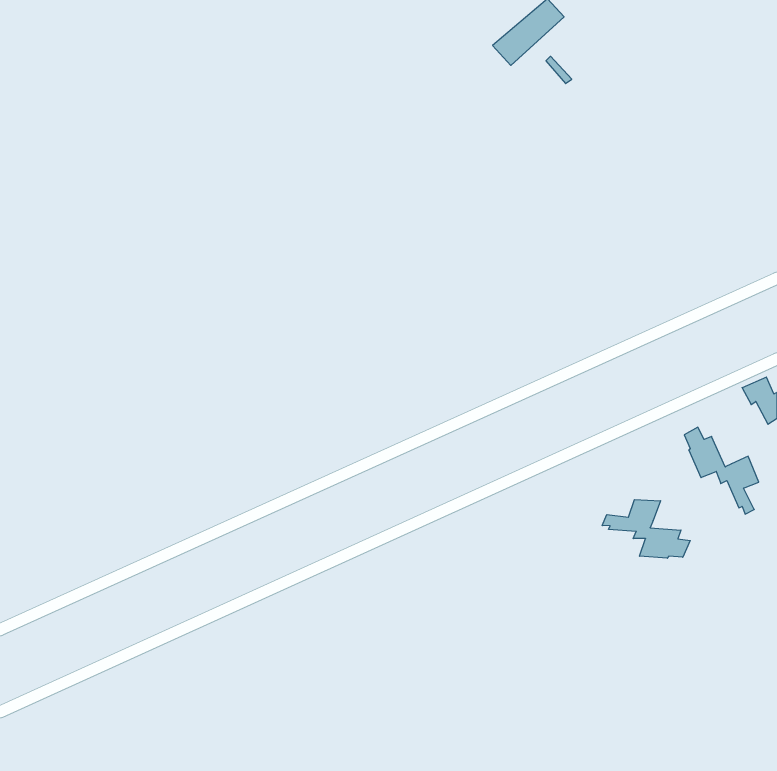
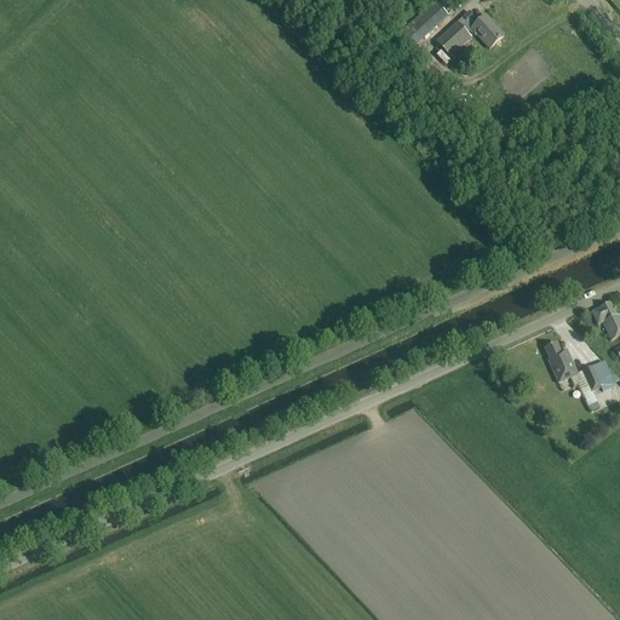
building: none -> [437,10,504,54]
building: [602,500,690,558] -> none

